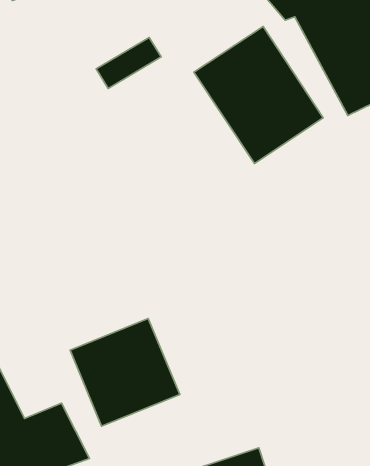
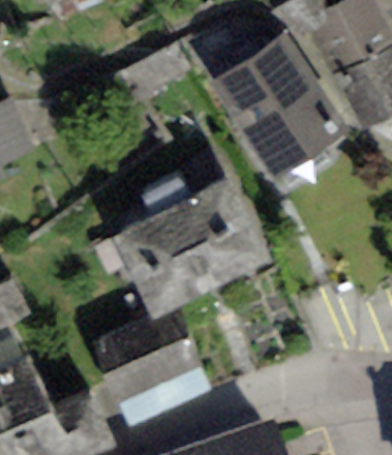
building: none -> [117,180,260,306]

